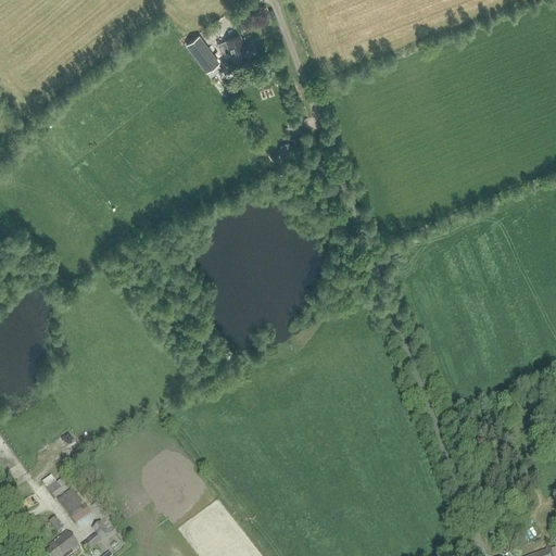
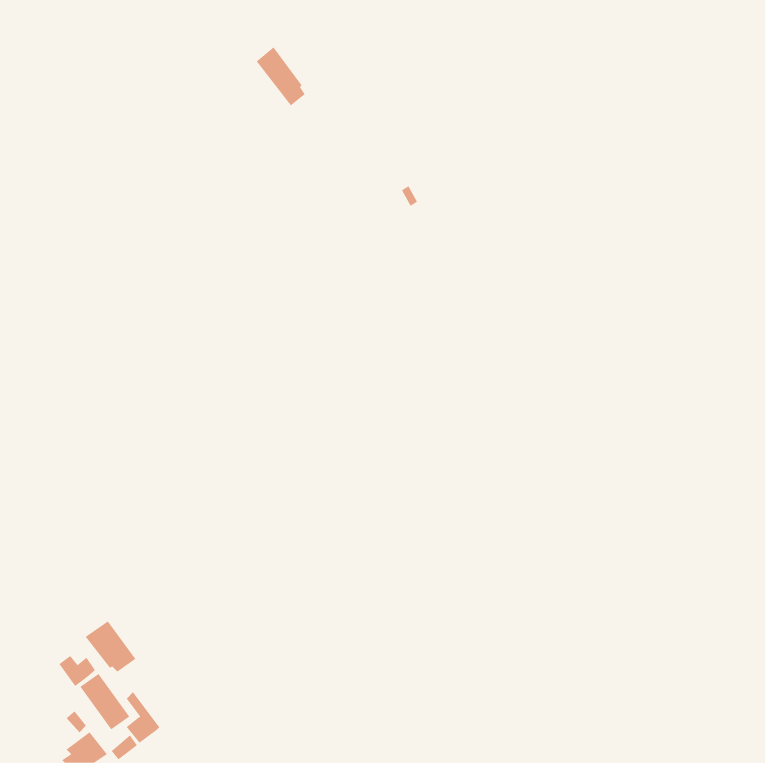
building: [218,35,257,63] -> none
building: none -> [85,621,136,672]

